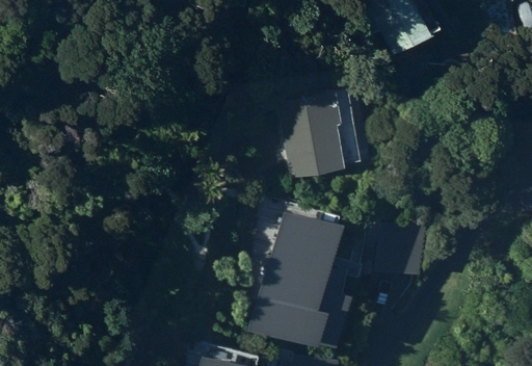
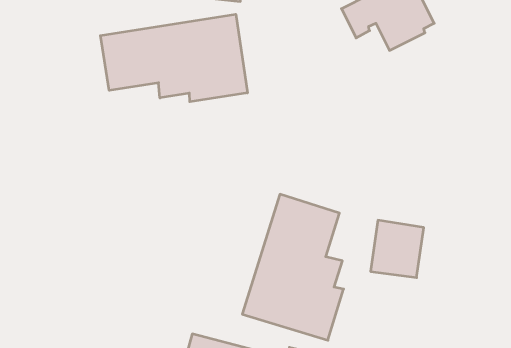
building: none -> [100,14,247,102]
building: [277,87,360,177] -> none

